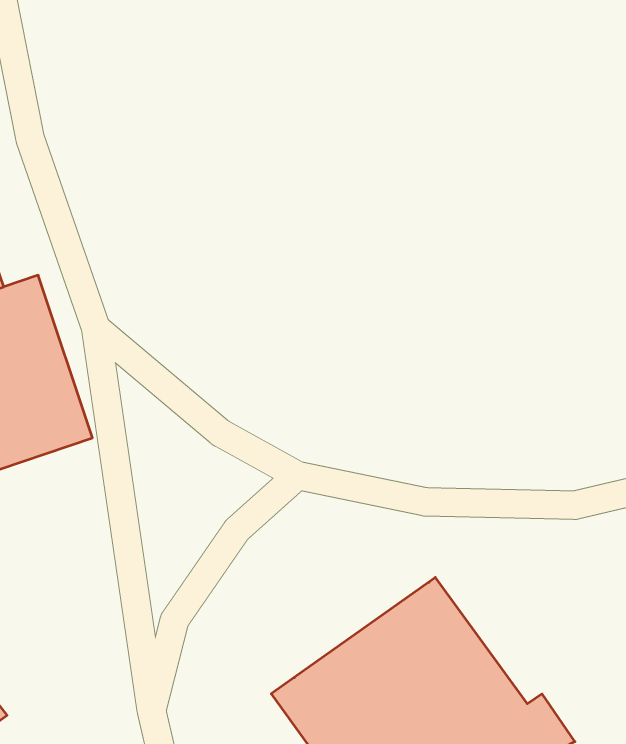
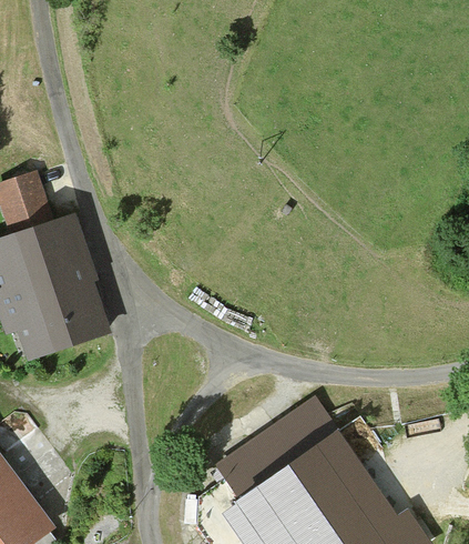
building: none -> [222,405,333,496]

